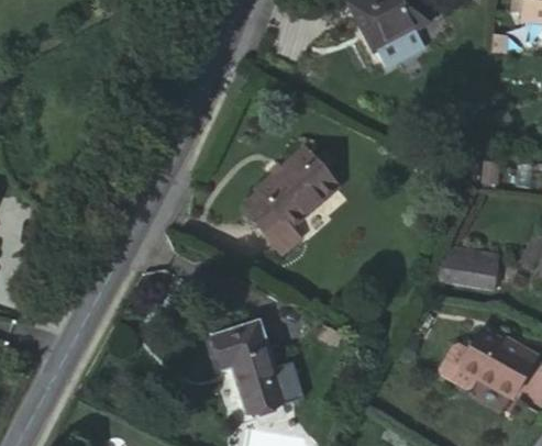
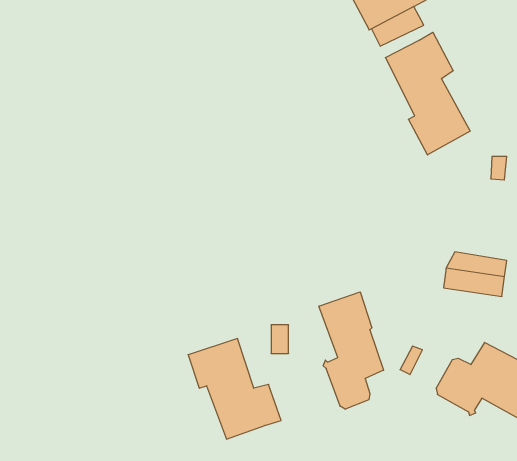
building: none -> [385,32,470,155]
building: [240,149,338,254] -> none
building: none -> [319,292,384,409]

